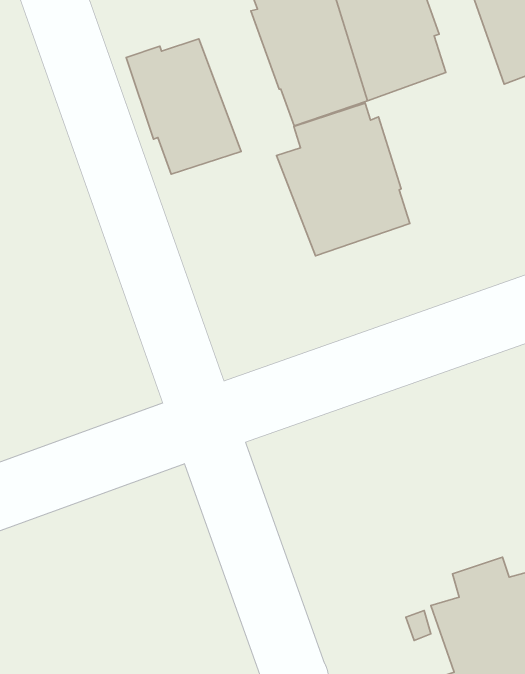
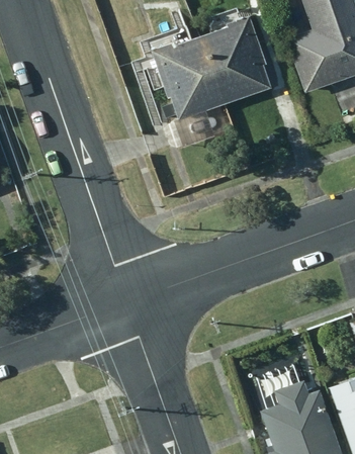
building: [126,39,241,174] -> none
building: [277,103,410,256] -> none

